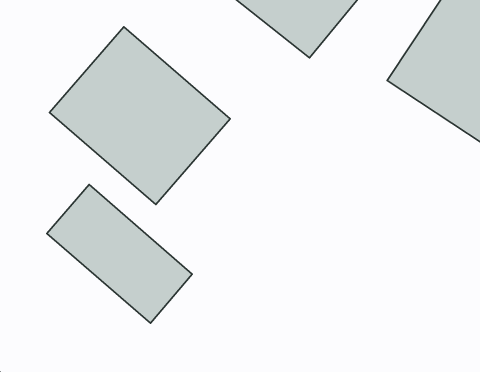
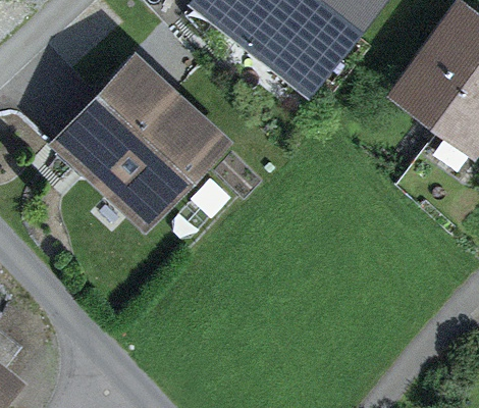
building: [47,185,192,323] -> none

